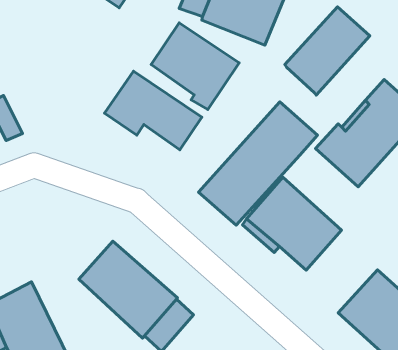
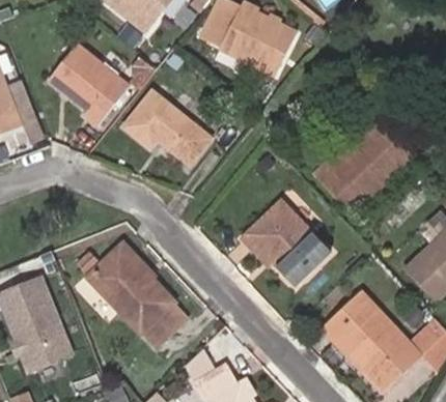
building: [285,7,370,95] -> none
building: [151,23,239,110] -> [49,42,130,124]
building: [199,102,318,225] -> none

